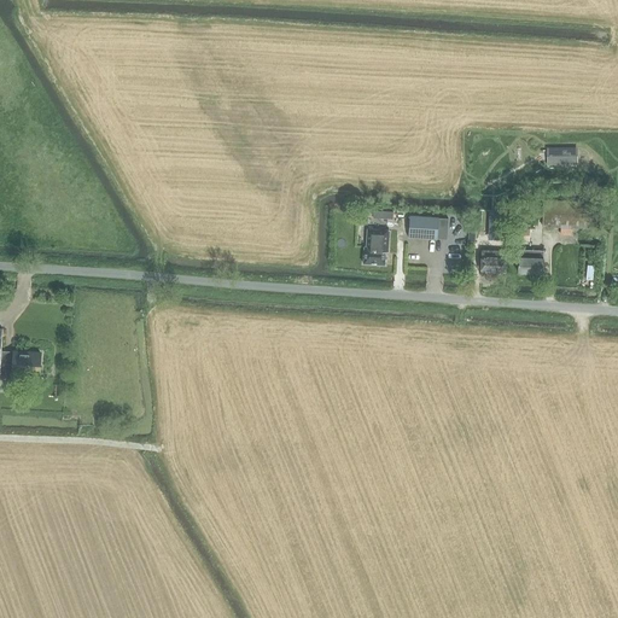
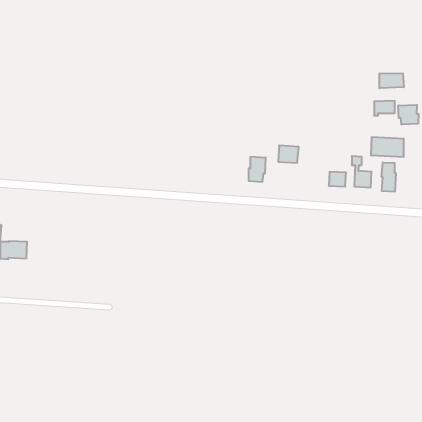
building: none -> [379,73,404,88]
building: none -> [398,105,419,125]
building: none -> [382,162,396,192]

